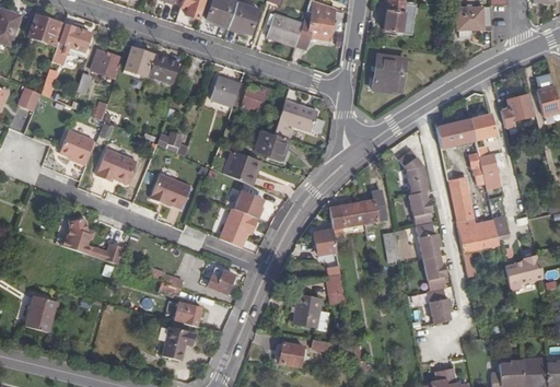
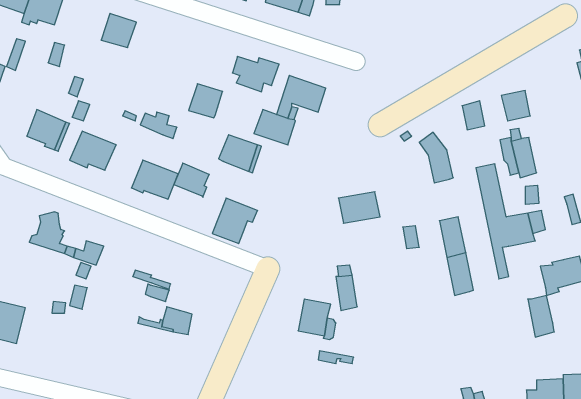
building: [93,51,124,79] -> none
building: [373,54,405,90] -> none
building: [149,56,180,84] -> none
building: [212,78,242,107] -> [189,84,223,118]
building: [501,94,533,127] -> none
building: [452,118,476,144] -> none
building: [235,189,266,219] -> [174,163,209,197]
building: [361,190,388,223] -> none
building: [409,190,433,226] -> none
building: [312,228,337,254] -> none
building: [209,263,235,293] -> none
building: [427,288,450,324] -> [528,295,554,337]
building: [164,326,196,360] -> none
building: [280,341,304,366] -> none

